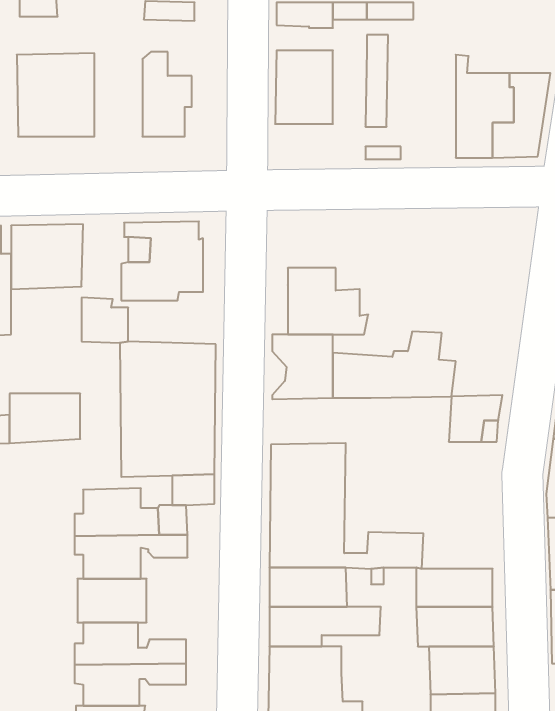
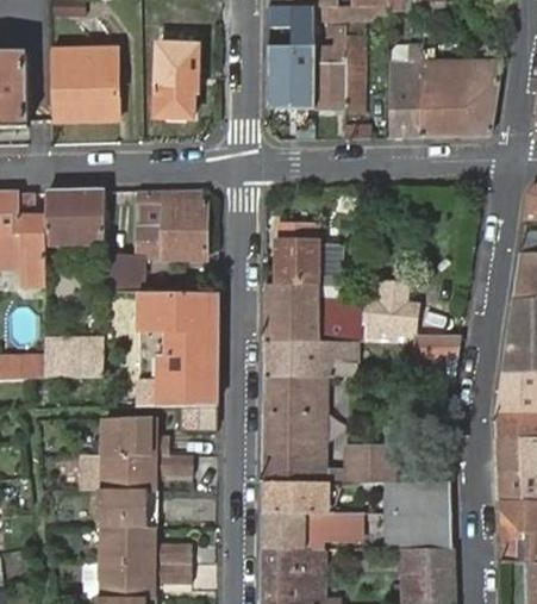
building: none -> [317,25,345,106]
building: none -> [391,44,420,135]
building: none -> [264,337,357,376]

